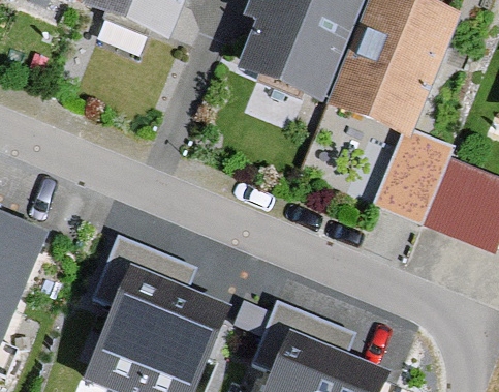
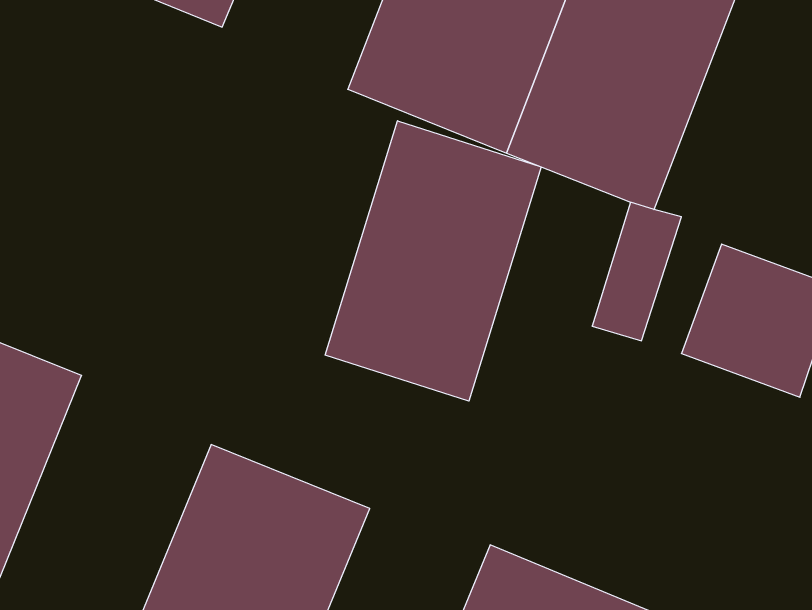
building: none -> [325,121,541,401]

